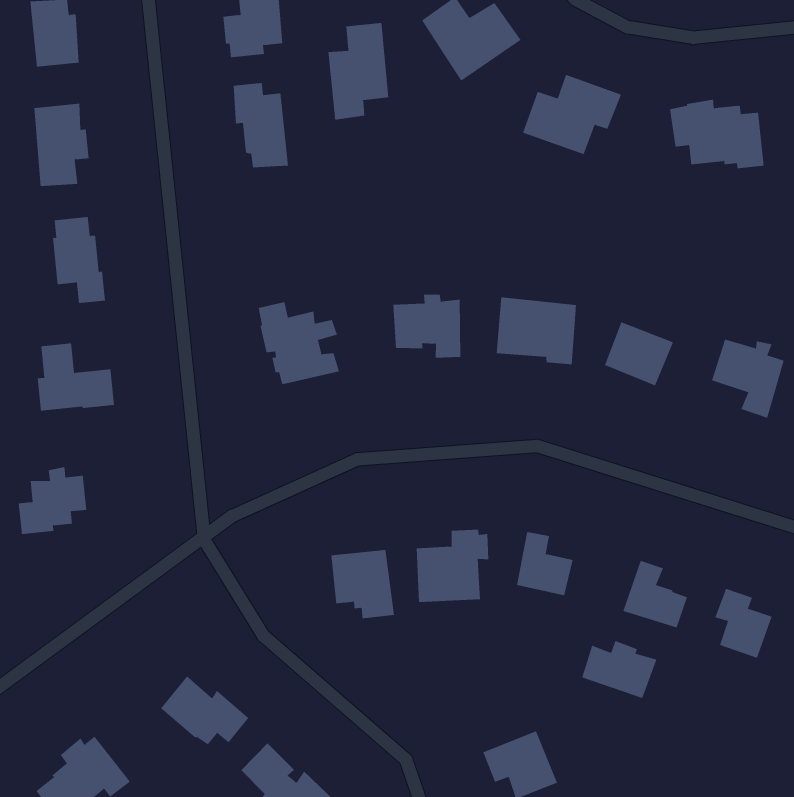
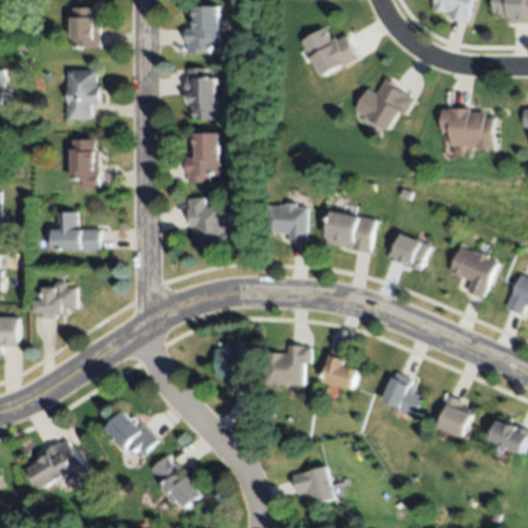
building: [328,22,389,121] -> none
building: none -> [185,131,218,183]
building: [581,640,657,699] -> none

